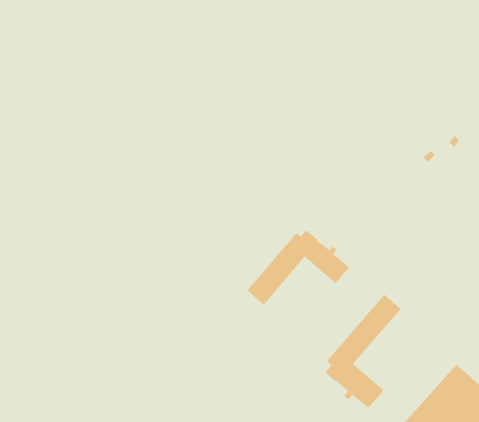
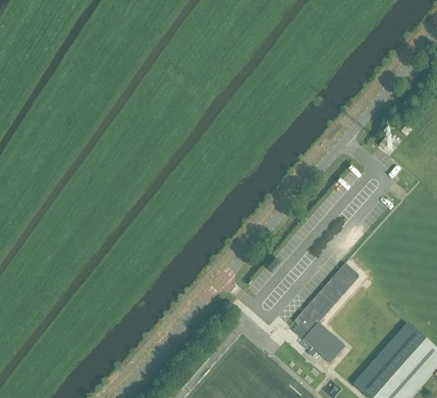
building: [246,230,350,306] -> none

